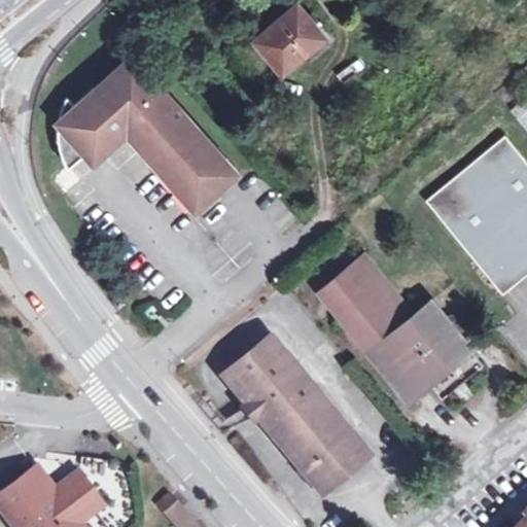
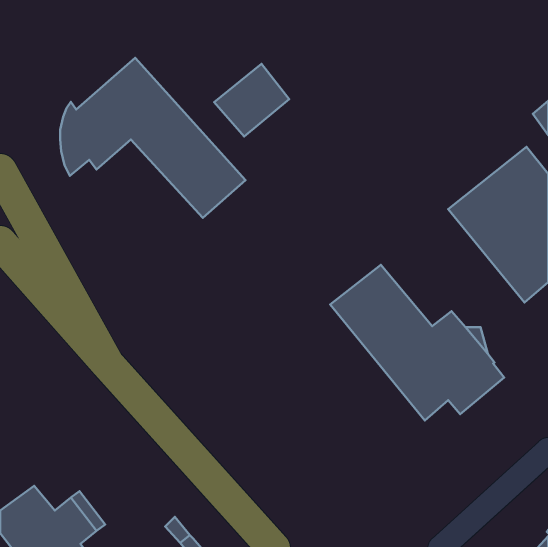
building: [254,5,326,75] -> [214,64,289,137]
building: [223,336,368,495] -> none

